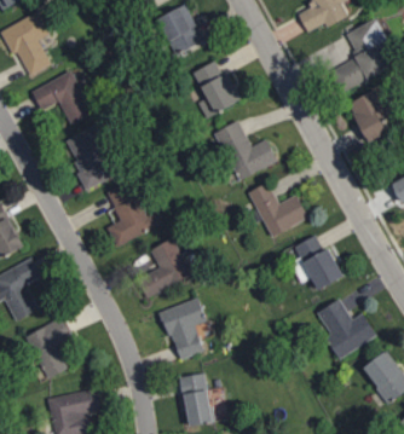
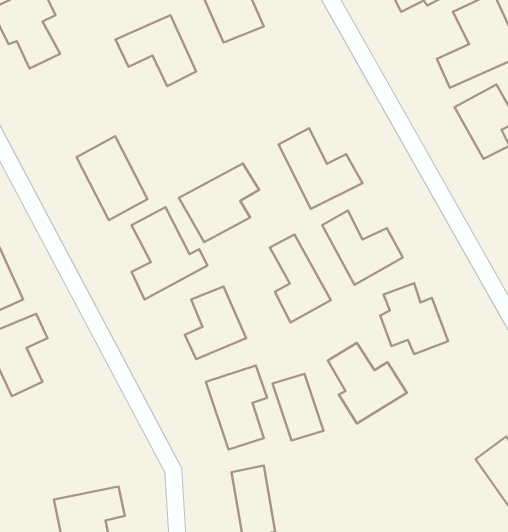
building: [192,59,241,118] -> none
building: [31,71,92,125] -> [115,15,196,86]
building: none -> [179,163,259,242]
building: none -> [270,235,331,322]
building: [317,299,376,359] -> [328,343,407,423]
building: none -> [273,374,324,440]
building: [25,317,74,378] -> none

